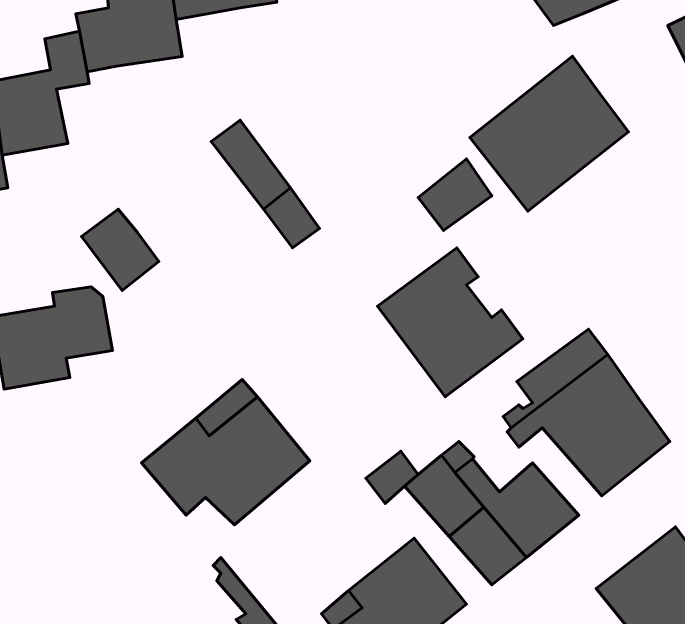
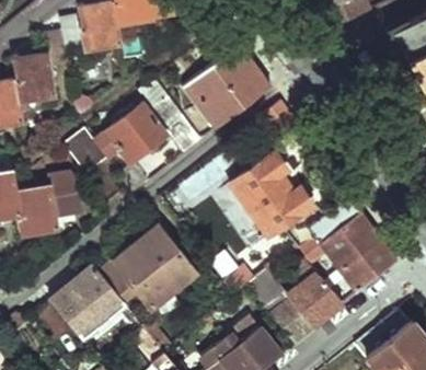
building: [470,56,629,211] -> [182,45,272,132]
building: none -> [95,107,166,166]
building: none -> [49,268,123,338]

